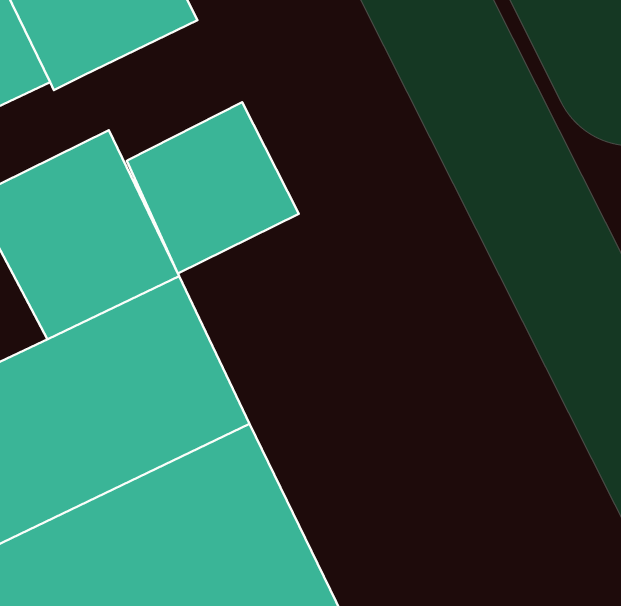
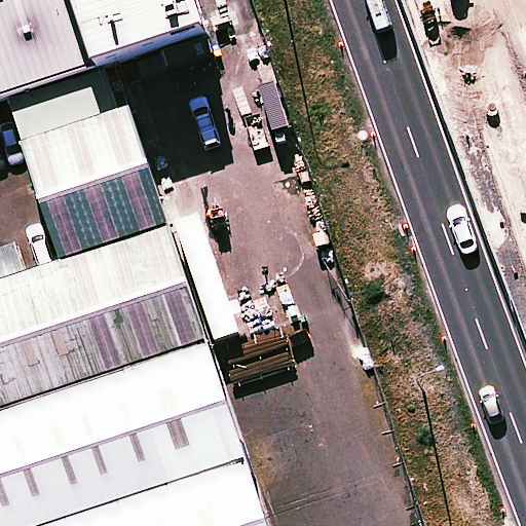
building: [127,102,299,274] -> none

